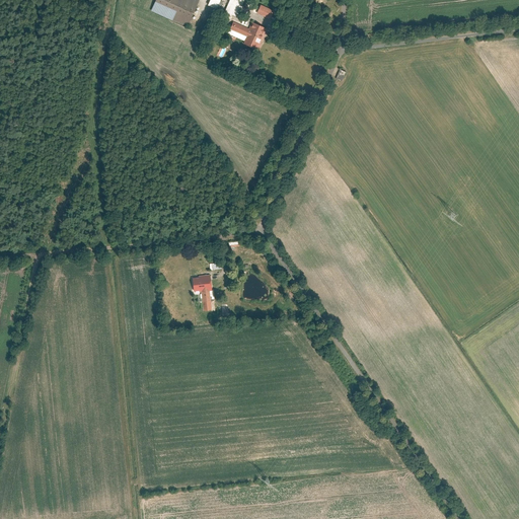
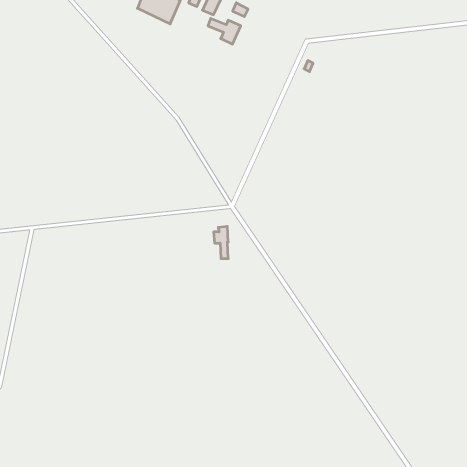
building: [194,271,210,306] -> [214,226,228,259]

